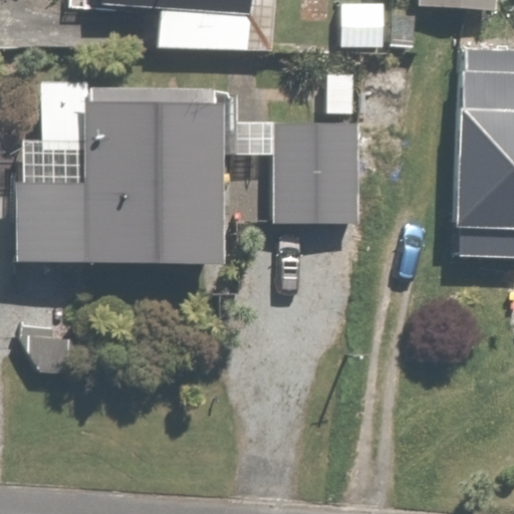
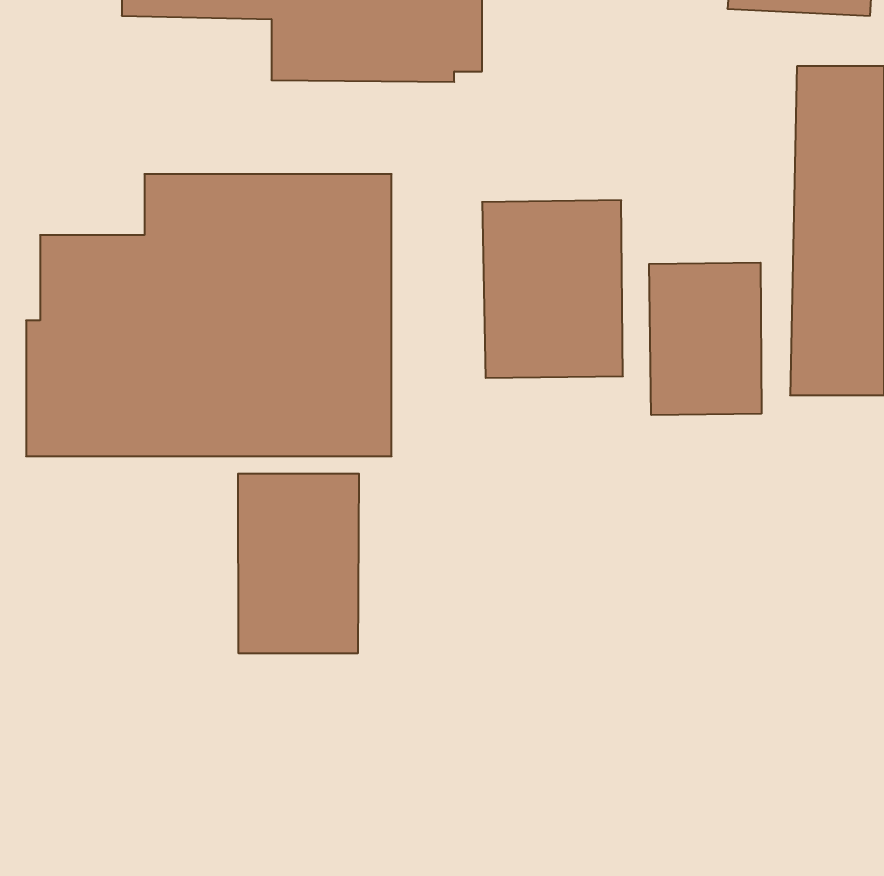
building: none -> [649,263,761,415]
building: none -> [238,474,359,653]

